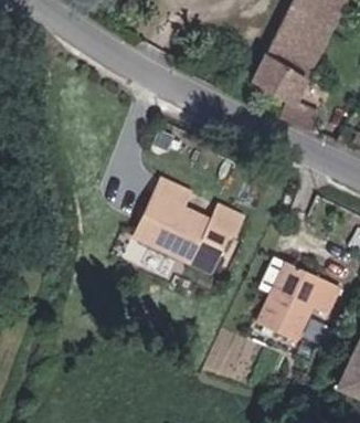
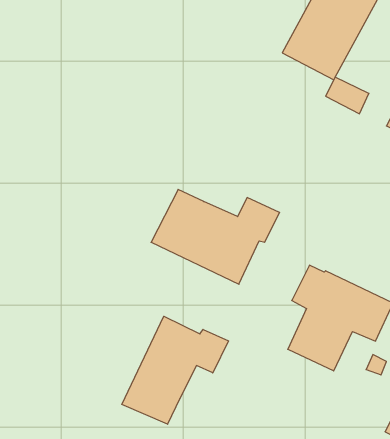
building: [134,176,193,240] -> none
building: none -> [122,316,229,424]

